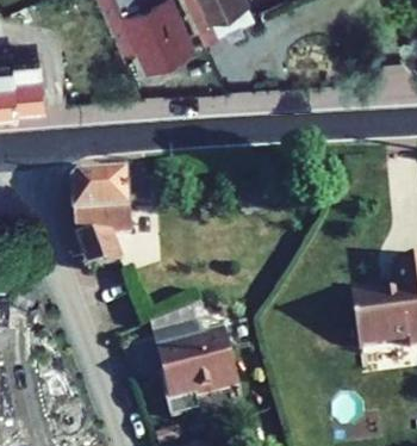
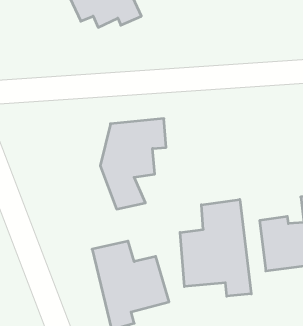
building: [66,163,142,268] -> [100,119,166,209]
building: none -> [180,199,251,296]

